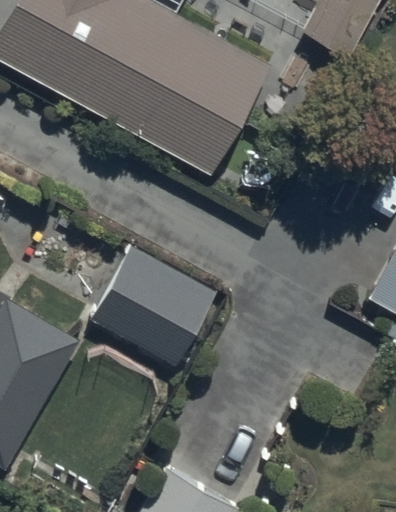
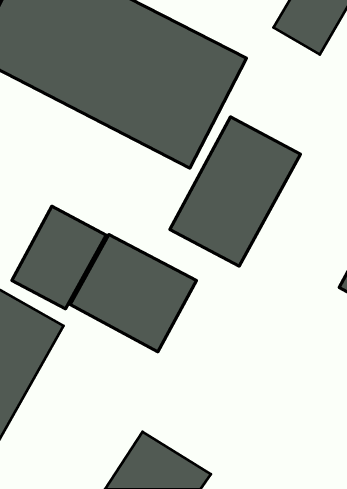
building: none -> [170,117,300,266]
building: none -> [12,206,106,309]

